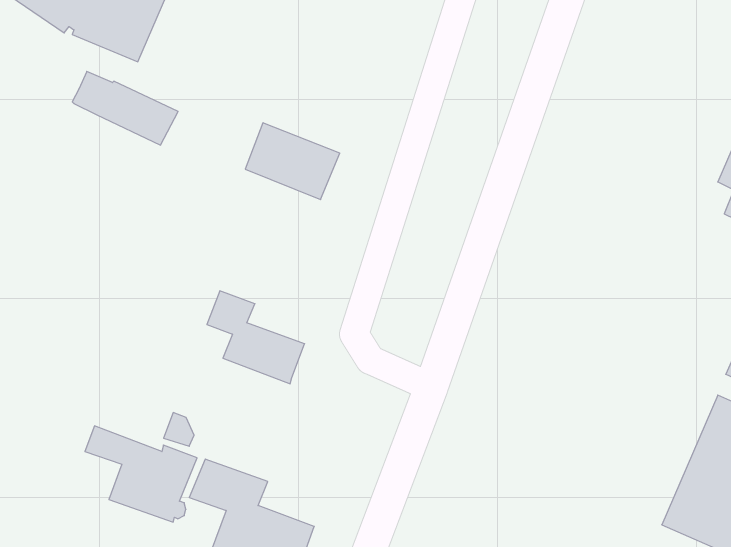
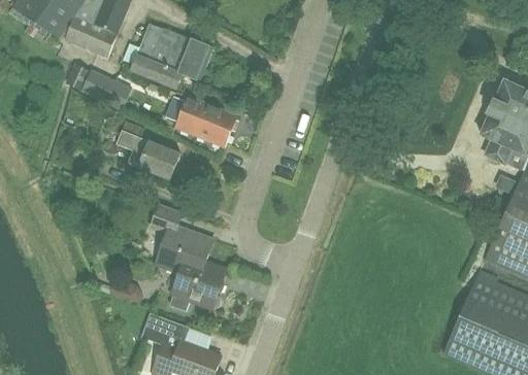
building: none -> [131,23,213,89]
building: none -> [117,130,179,179]
building: [85,426,197,522] -> [155,247,227,309]

